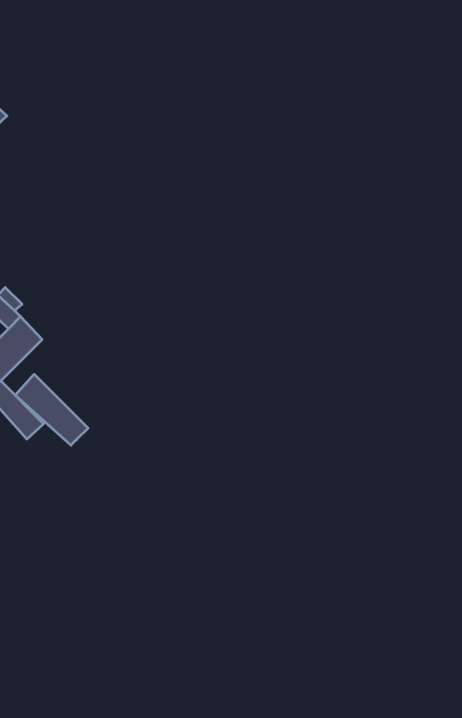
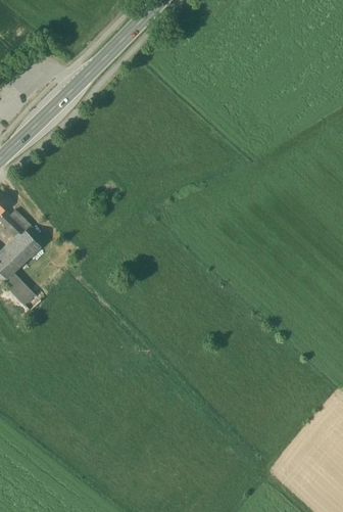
building: [15,374,88,445] -> none

